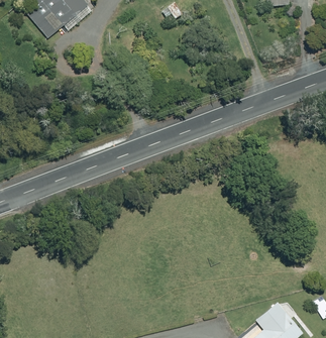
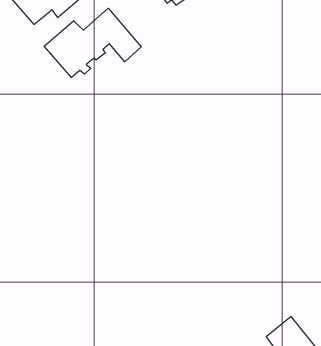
building: none -> [44,8,141,77]

